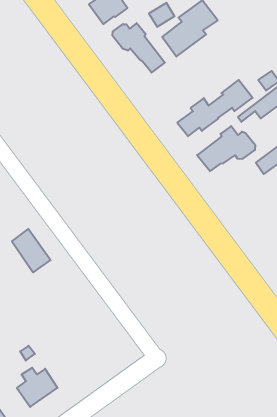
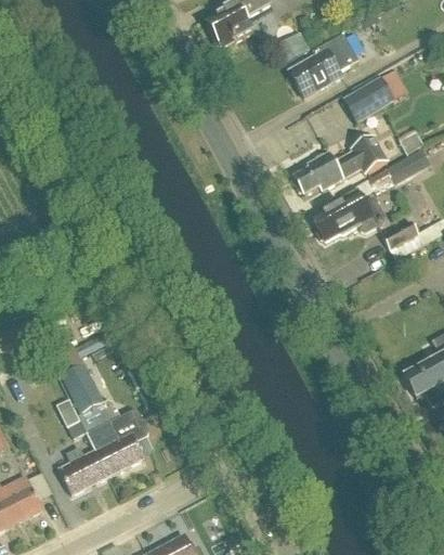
building: [113,23,165,73] -> none
building: none -> [341,76,394,122]
building: [12,229,51,272] -> [60,361,103,414]
building: none -> [89,409,148,475]

